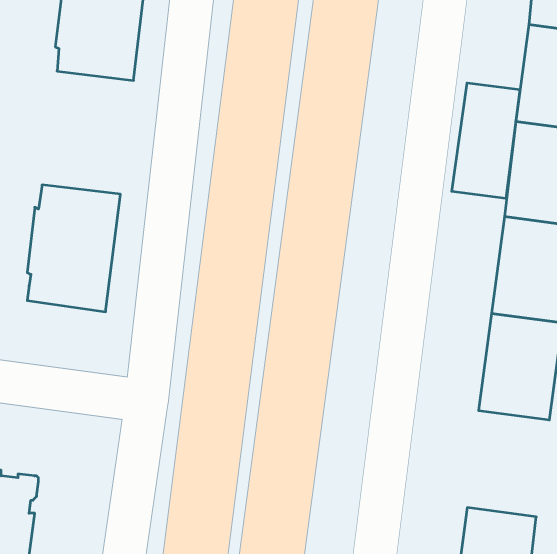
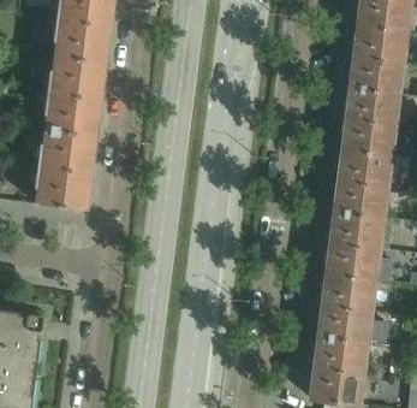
building: none -> [43,54,103,134]
building: [452,83,520,199] -> none
building: none -> [318,273,371,342]

